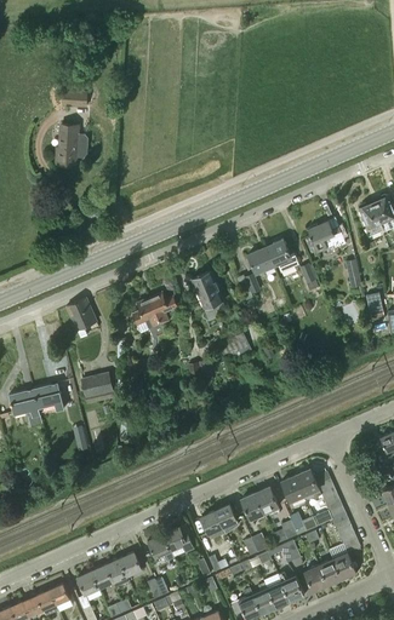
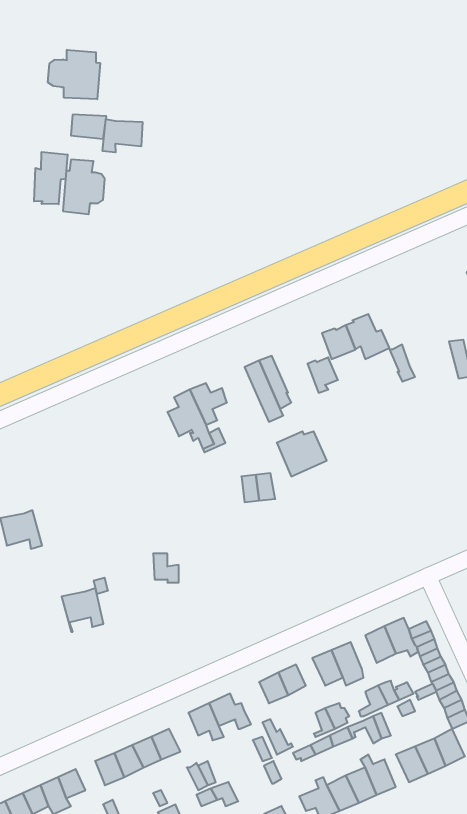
building: none -> [48,50,100,99]
building: none -> [103,119,142,152]
building: none -> [34,152,67,204]
building: [308,218,346,253] -> none
building: [67,298,97,329] -> none
building: [80,372,115,403] -> none
building: [30,381,62,414] -> [62,588,103,632]

